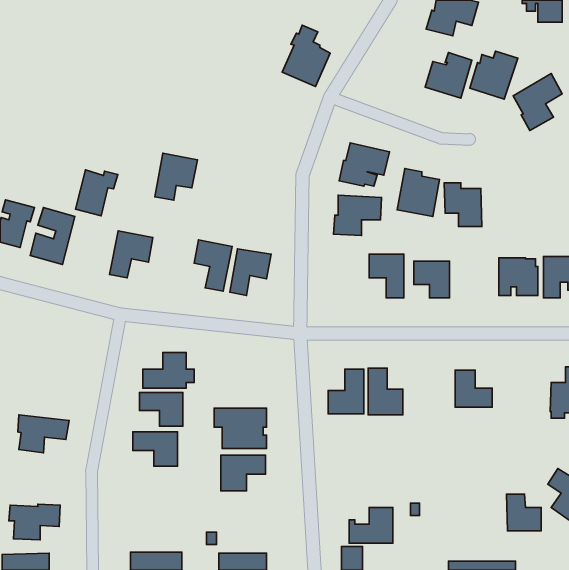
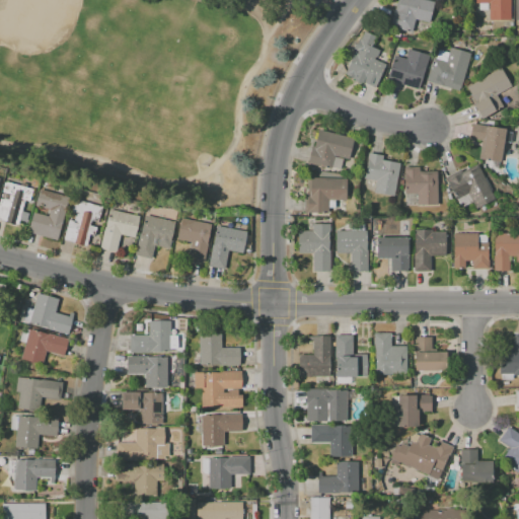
building: [282,25,330,87] -> [346,31,389,87]
building: none -> [472,124,507,162]
building: [155,153,197,200] -> [136,216,174,258]
building: [75,170,118,216] -> [65,203,103,244]
building: none -> [446,164,496,208]
building: none -> [299,224,331,272]
building: none -> [415,230,446,271]
building: none -> [23,294,74,333]
building: none -> [20,326,69,365]
building: none -> [200,332,241,365]
building: none -> [374,332,407,375]
building: none -> [307,389,347,421]
building: none -> [399,395,432,427]
building: none -> [11,416,60,448]
building: none -> [311,425,352,457]
building: none -> [118,428,165,459]
building: none -> [391,434,453,479]
building: none -> [210,457,250,488]
building: none -> [118,463,163,496]

